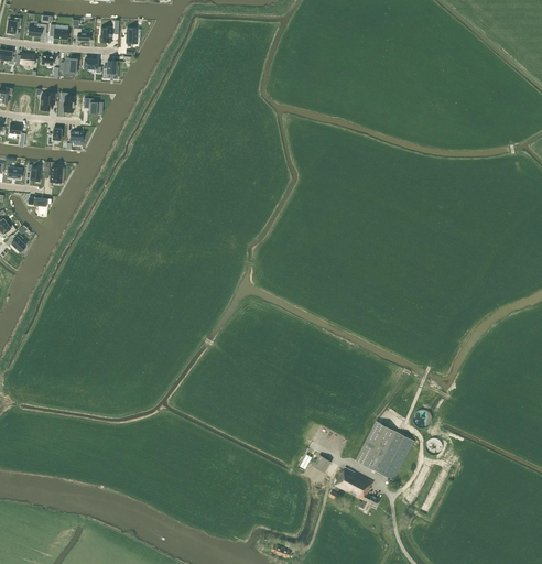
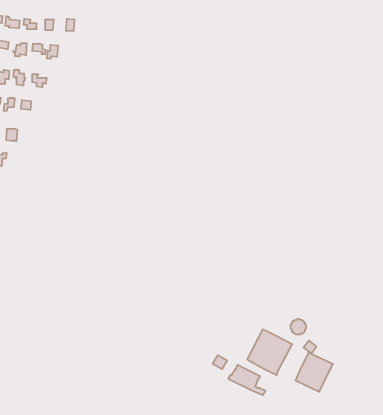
building: none -> [295,352,333,392]

